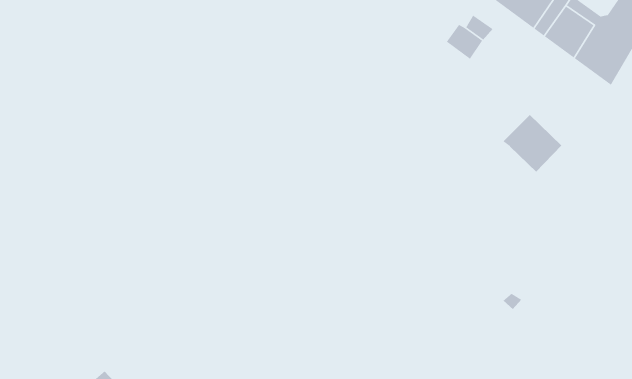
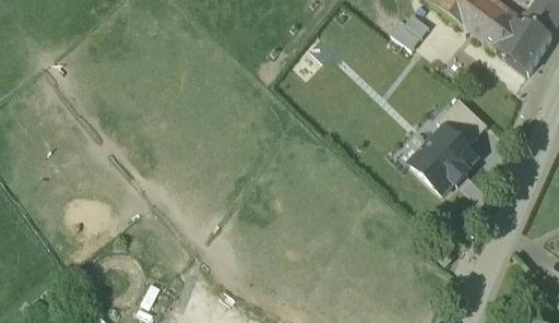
building: none -> [409,124,478,193]

